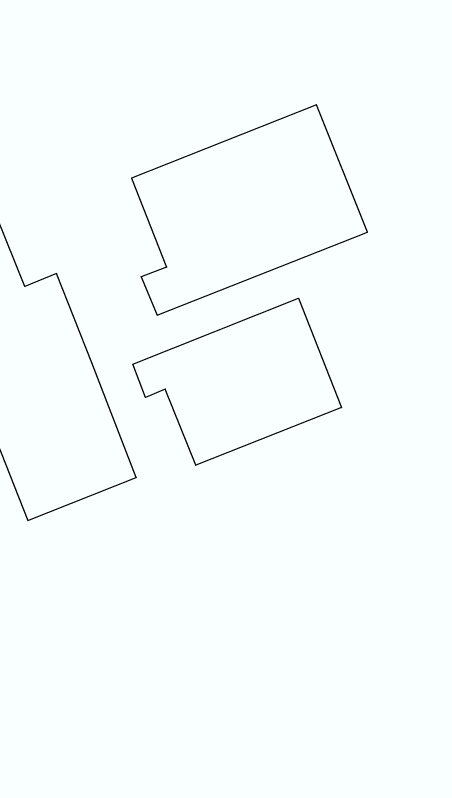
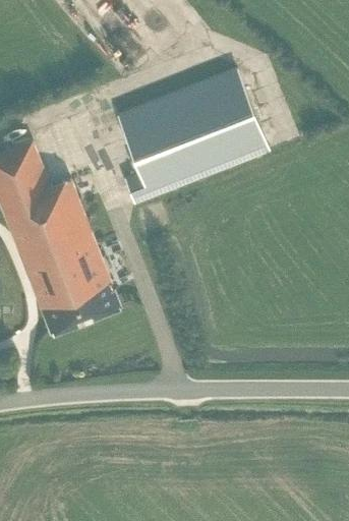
building: [133,298,341,465] -> none

